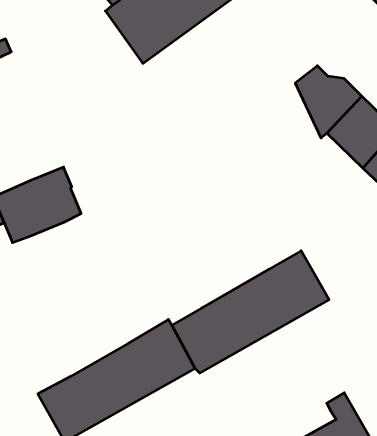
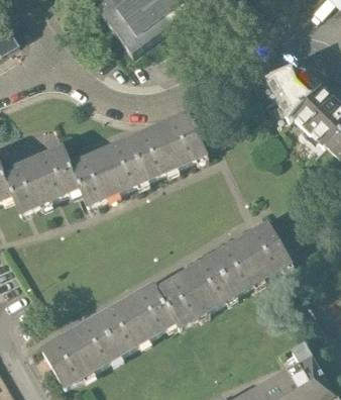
building: none -> [71,113,207,204]

